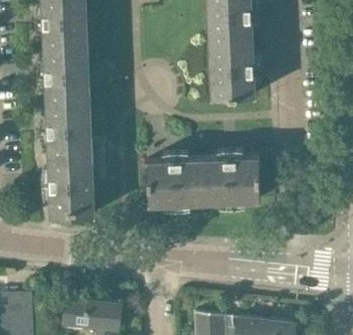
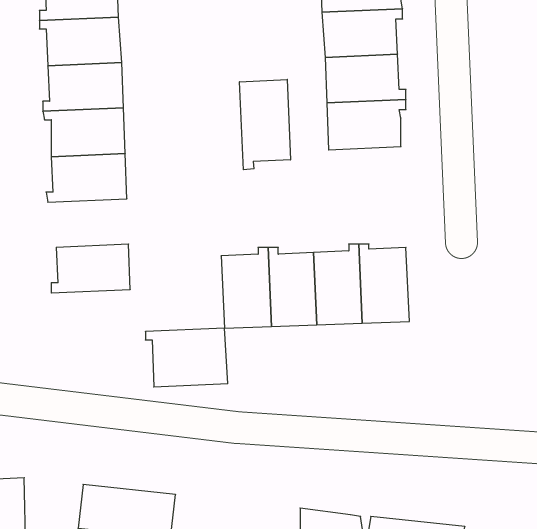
building: none -> [240,79,290,170]
building: [43,128,92,157] -> none
building: [45,182,95,217] -> [145,328,228,387]

